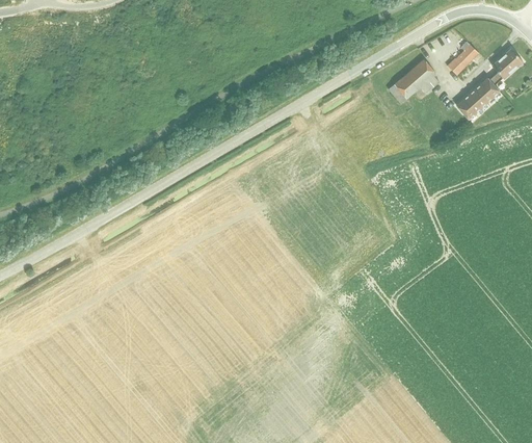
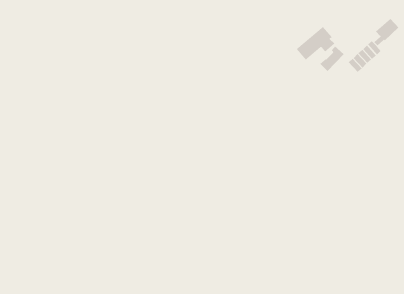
building: [447,41,479,75] -> [320,45,344,72]

